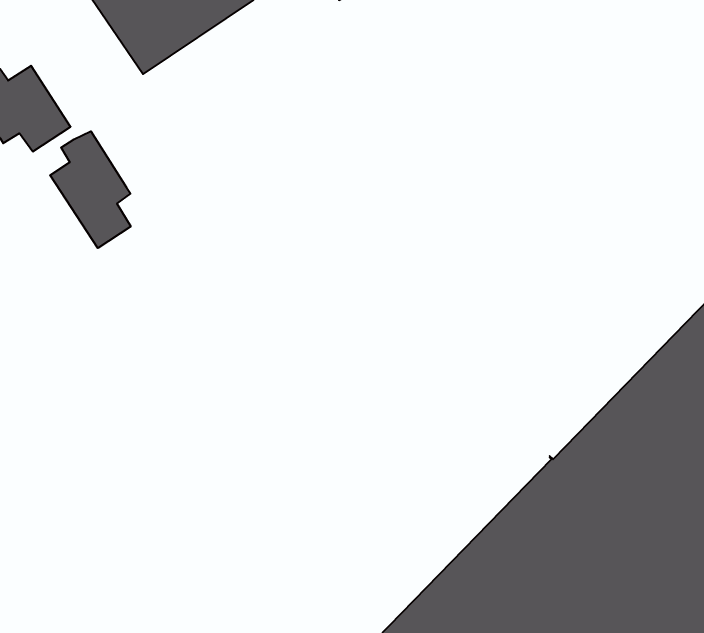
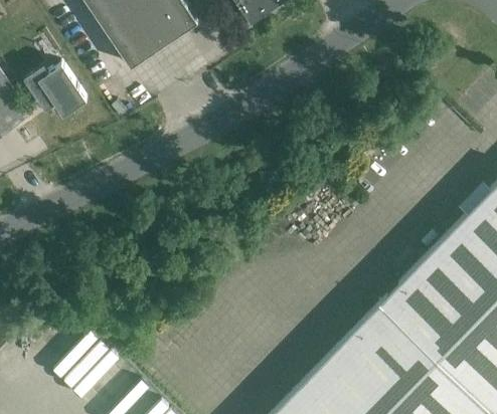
building: [50,131,131,248] -> none

